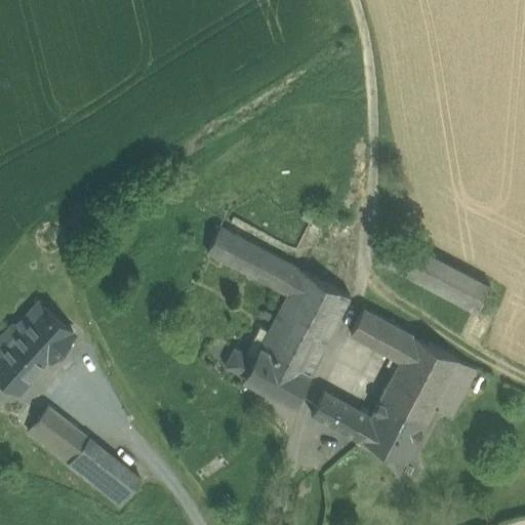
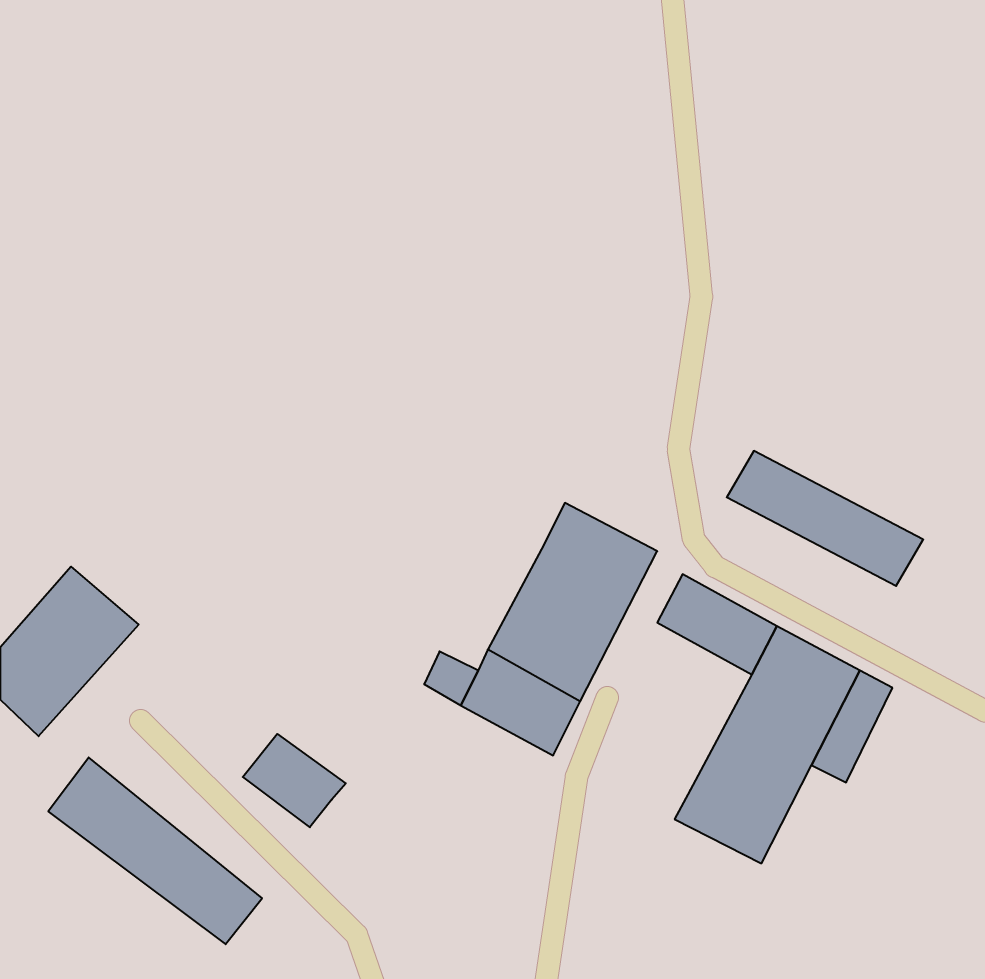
building: [206,229,300,295] -> none
building: none -> [243,734,346,827]
building: [314,399,367,439] -> none

